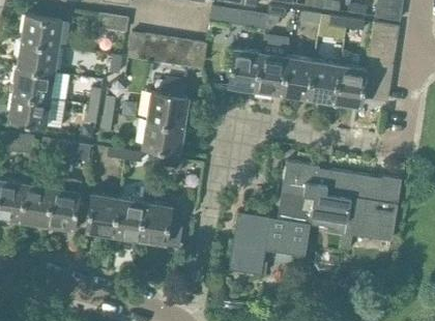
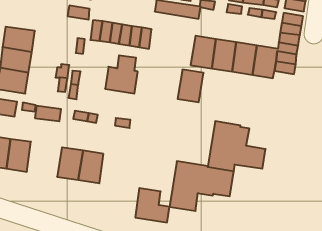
building: [21,14,62,47] -> none
building: [229,49,262,90] -> [178,70,204,102]
building: [143,120,184,153] -> none
building: [326,171,402,251] -> none
building: [48,178,82,230] -> none
building: [140,203,183,246] -> [135,188,169,222]

